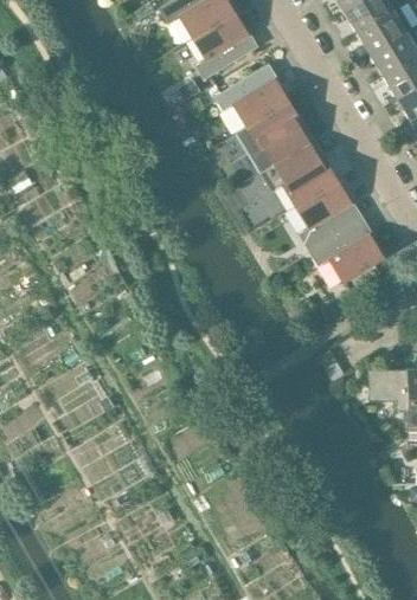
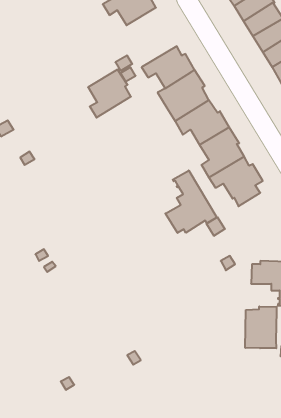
building: [192,13,252,80] -> [88,70,131,118]
building: none -> [165,170,217,233]
building: none -> [245,306,277,348]

